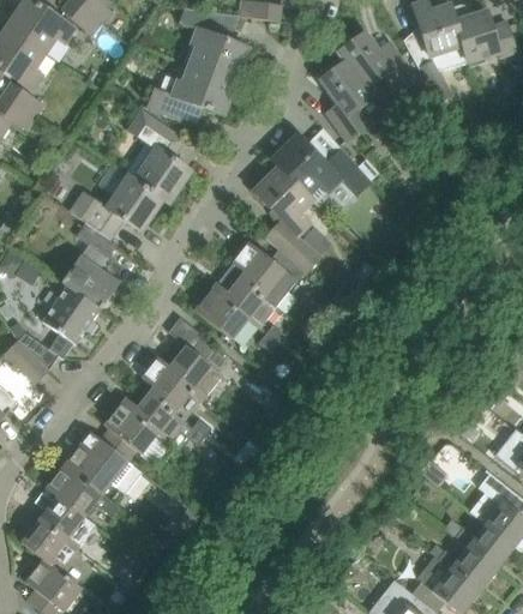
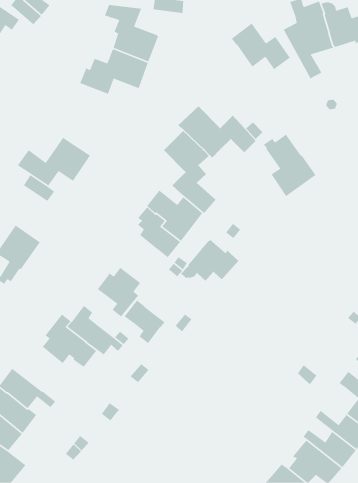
building: [317,60,384,140] -> [263,133,316,197]
building: [125,109,191,203] -> none
building: [61,255,119,308] -> none
building: [194,282,247,338] -> none
building: none -> [180,239,239,281]
building: [142,356,194,413] -> [123,299,165,344]
building: [64,432,142,494] -> none

